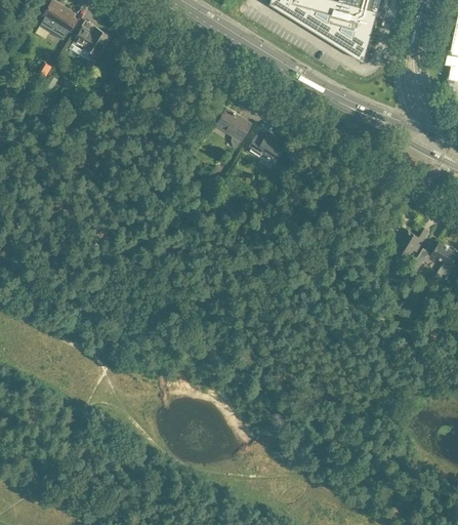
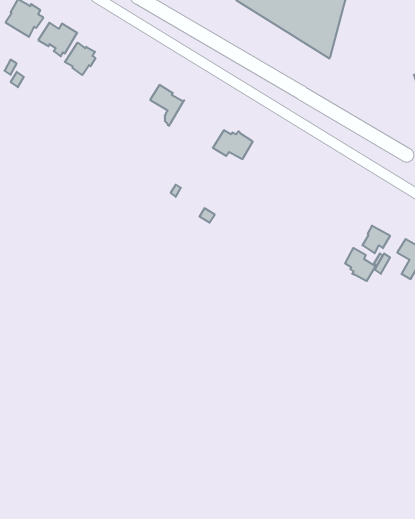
building: none -> [65,43,95,75]
building: [217,107,251,148] -> [150,85,184,126]
building: none -> [345,248,375,281]

